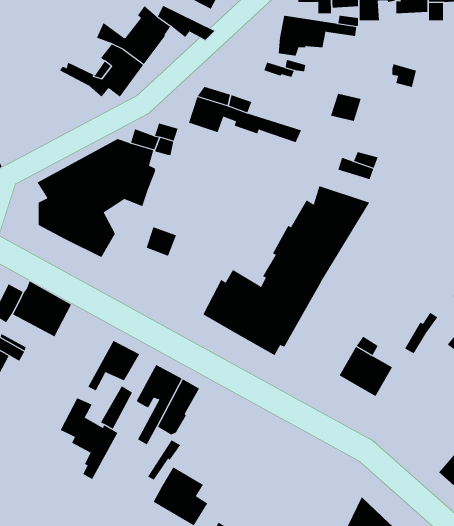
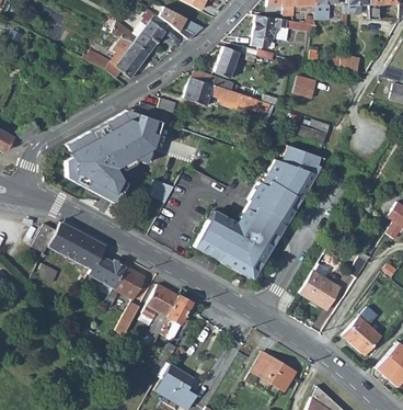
building: none -> [214,45,239,77]
building: [60,397,118,480] -> [80,238,125,301]
building: none -> [342,317,379,353]
building: none -> [251,351,296,390]

